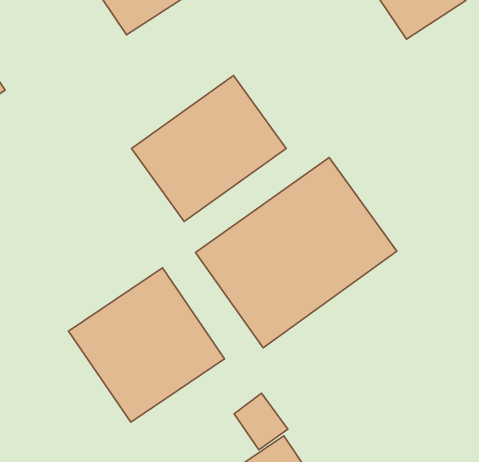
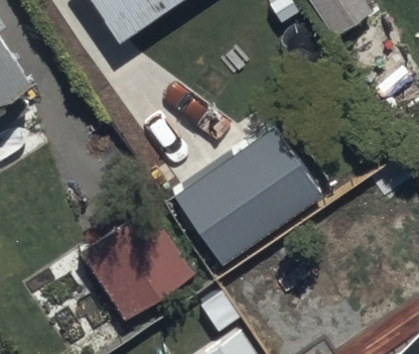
building: [132,75,286,221] -> none

